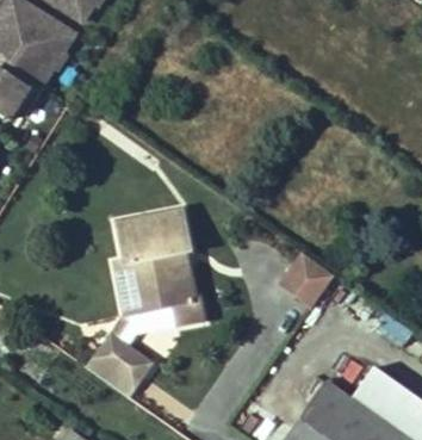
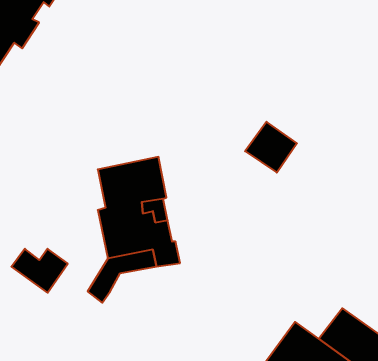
building: [279,250,334,304] -> [245,122,297,173]
building: [92,349,151,396] -> [11,249,68,293]

